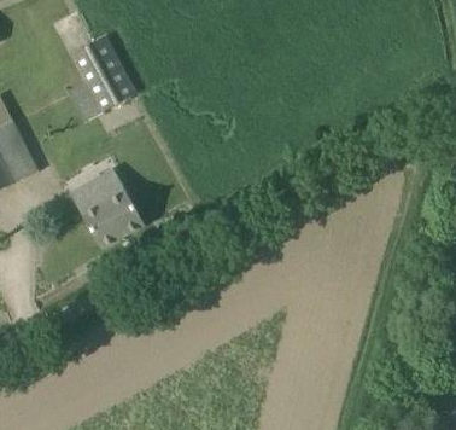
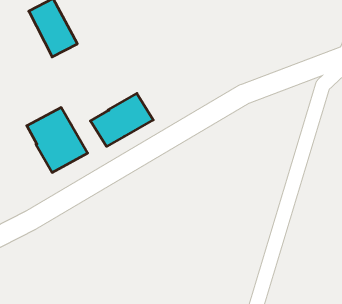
building: none -> [90,93,153,146]

